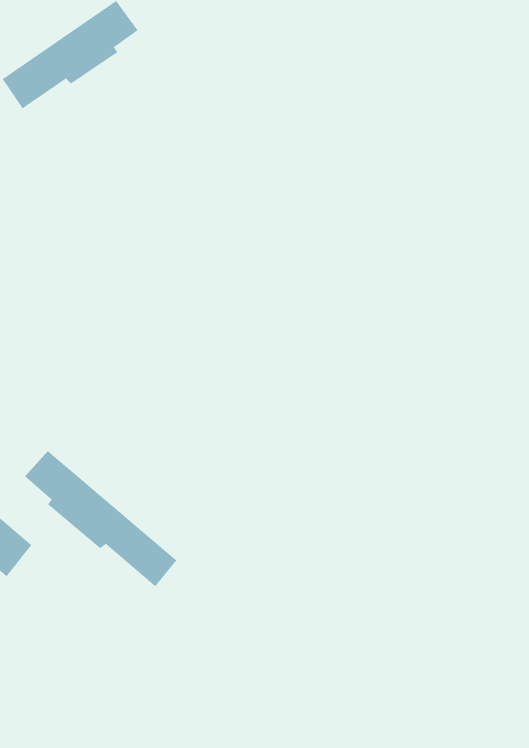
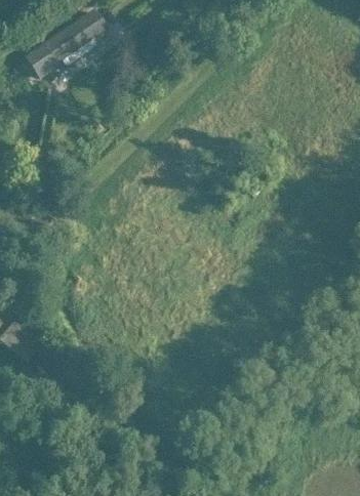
building: [24,450,177,587] -> none

